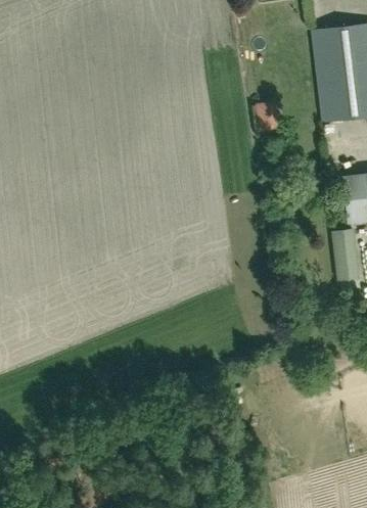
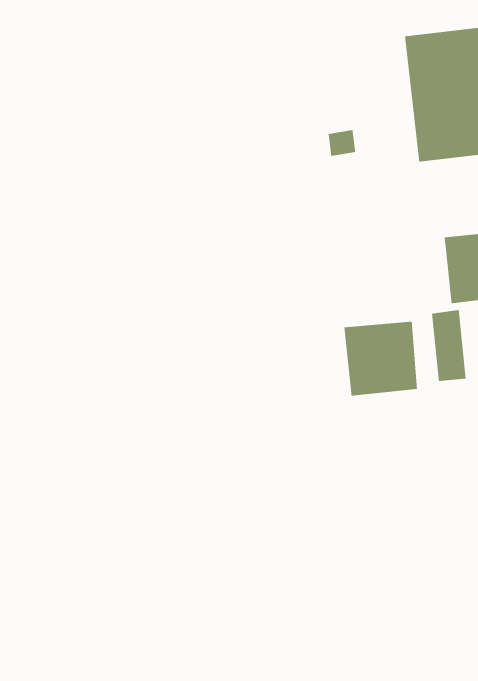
building: none -> [344,321,418,396]

